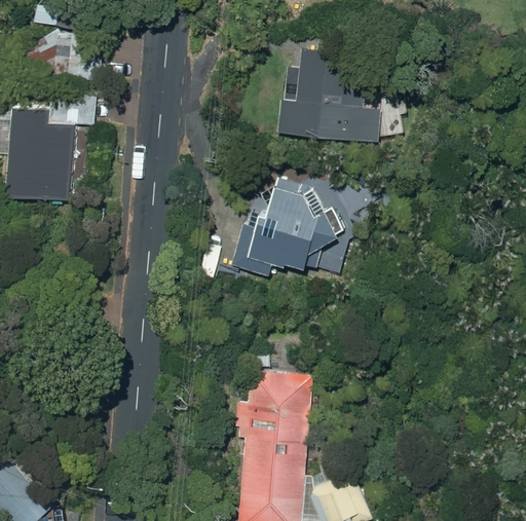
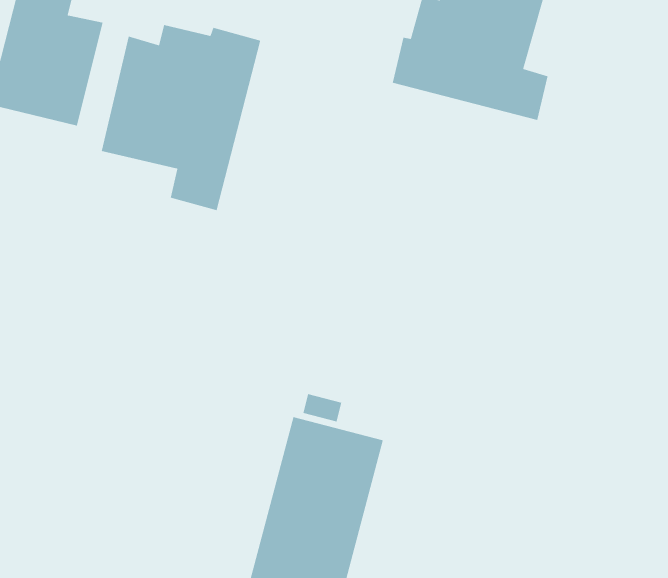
building: none -> [101,24,261,211]
building: [232,178,339,278] -> none

